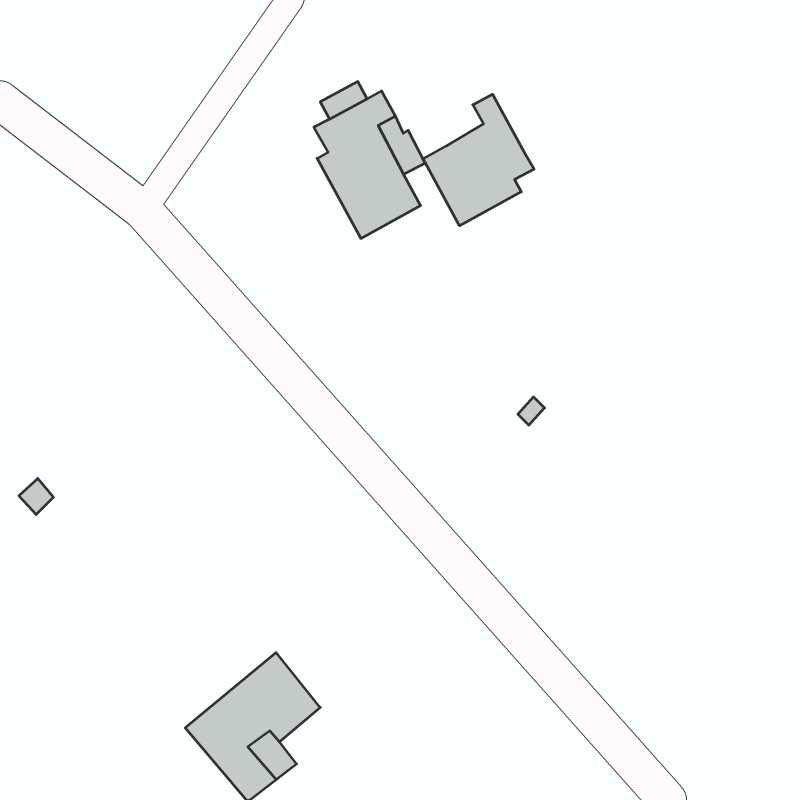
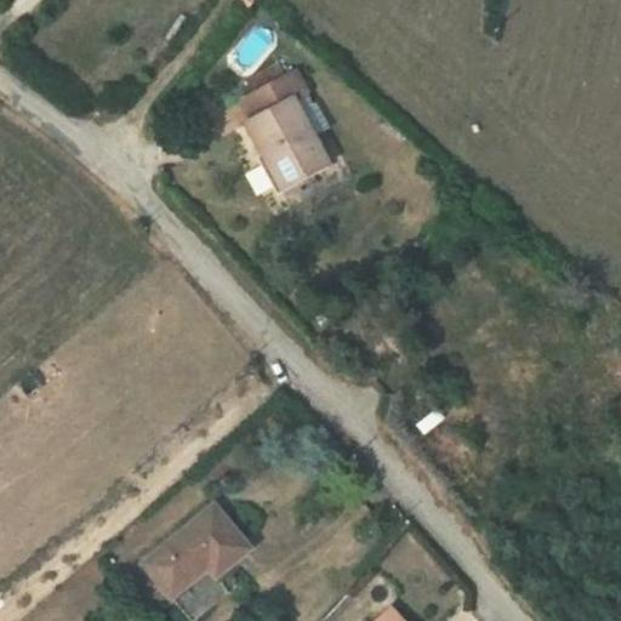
building: [423,94,534,226] -> none

